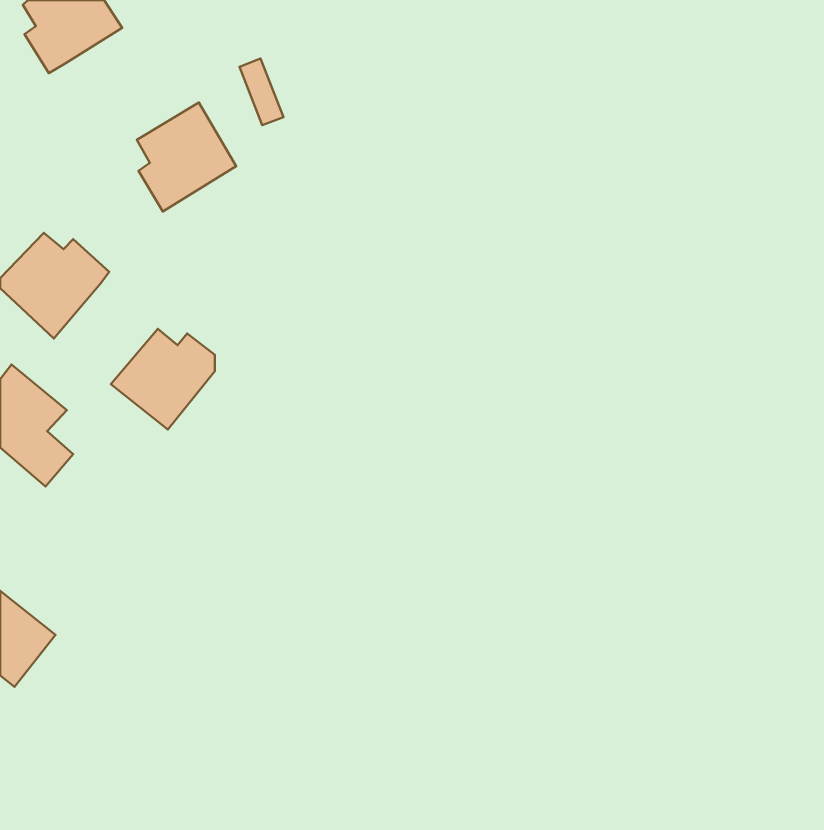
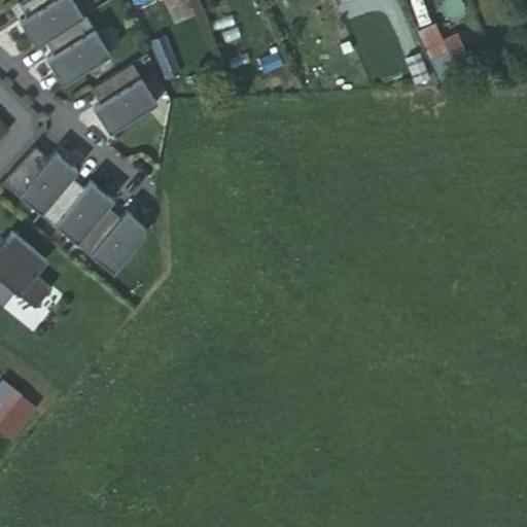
building: none -> [46,17,109,86]
building: none -> [426,26,470,68]
building: none -> [39,180,110,244]

